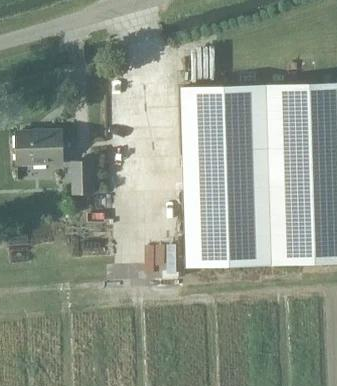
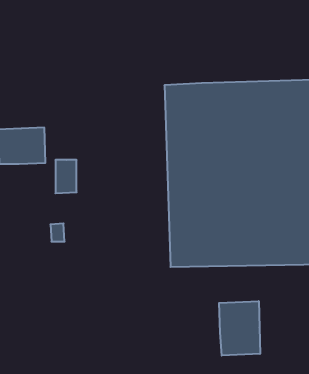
building: none -> [219,301,260,356]

